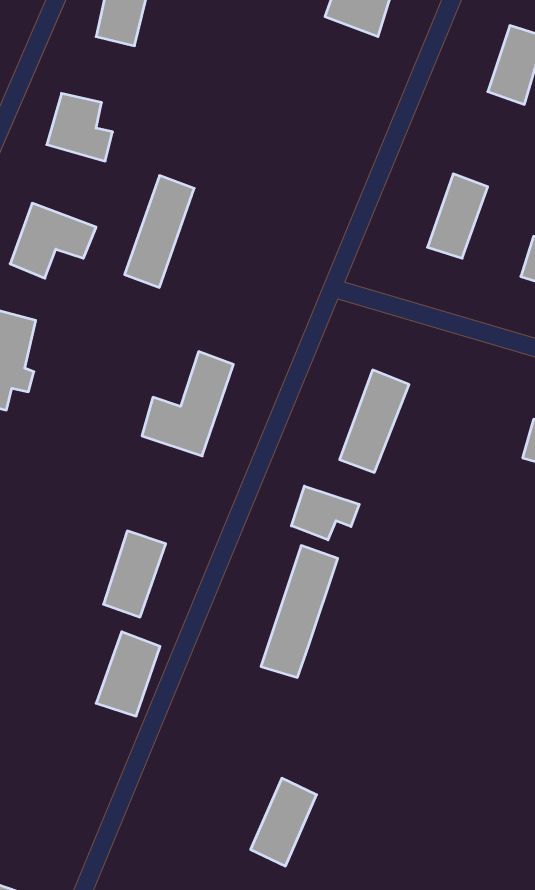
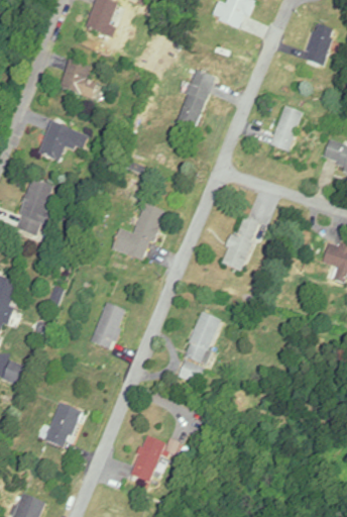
building: [125,176,194,287] -> [177,69,215,130]
building: [291,486,359,540] -> none
building: [96,632,160,716] -> [45,401,81,447]
building: [251,778,317,866] -> [130,434,166,483]

